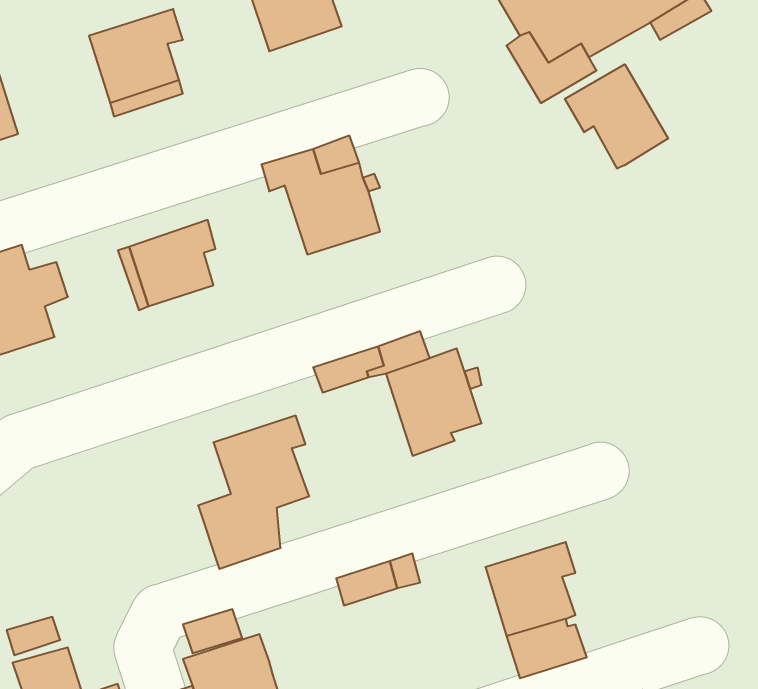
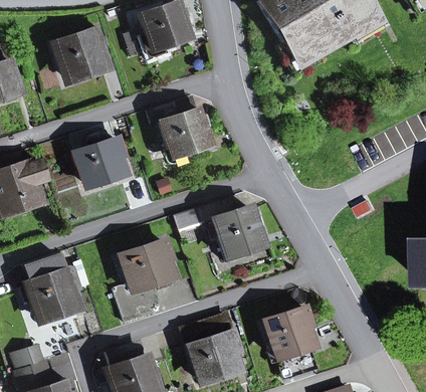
building: [565,64,668,169] -> none
building: none -> [22,254,78,319]
building: none -> [190,333,238,380]

